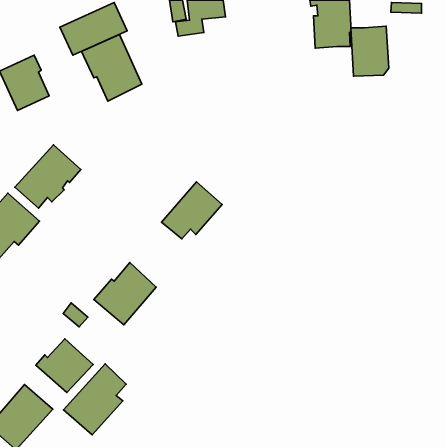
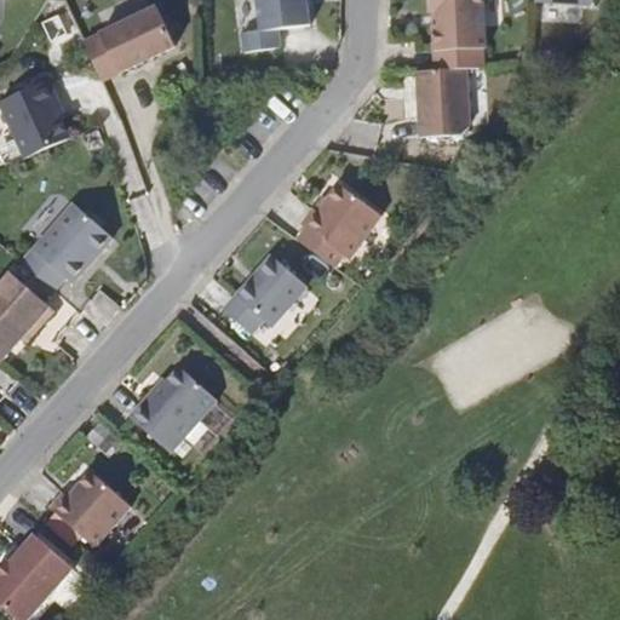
building: [351,26,389,76] -> [417,67,469,136]
building: [82,35,142,101] -> none
building: none -> [297,183,380,266]
building: [63,364,126,435] -> none

